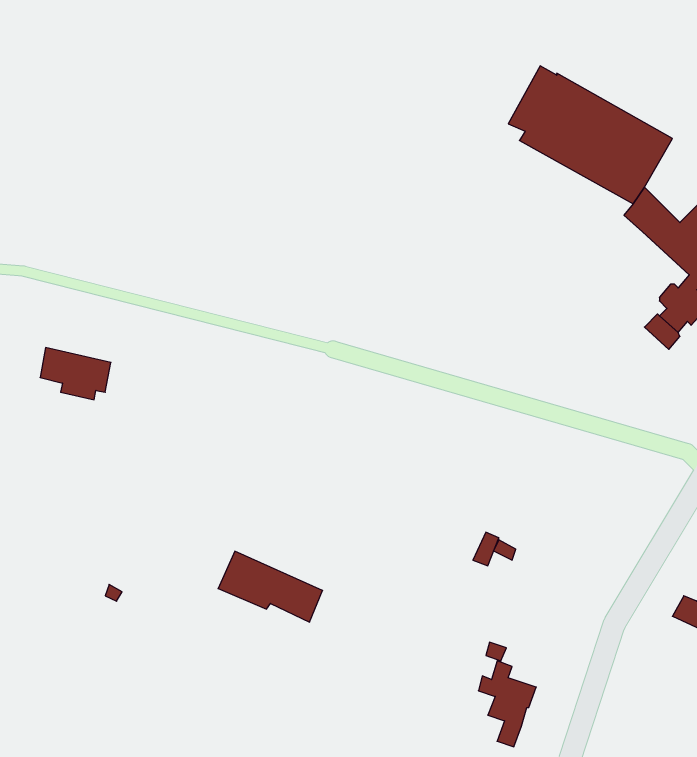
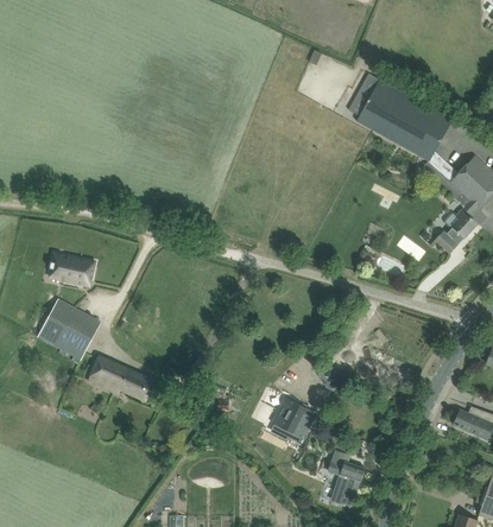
building: none -> [38,305,97,358]
building: [218,551,323,622] -> [88,356,154,401]
building: none -> [272,396,316,438]

